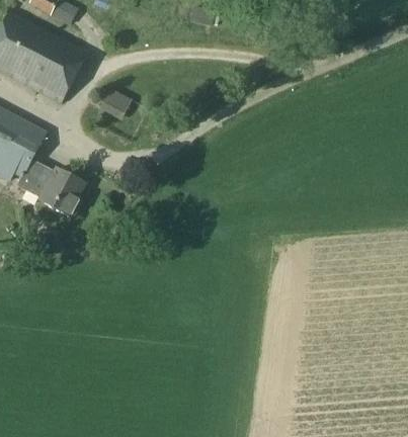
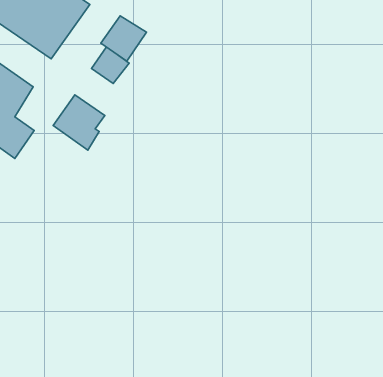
building: none -> [101,16,147,61]
building: [39,169,85,217] -> [53,95,105,150]

